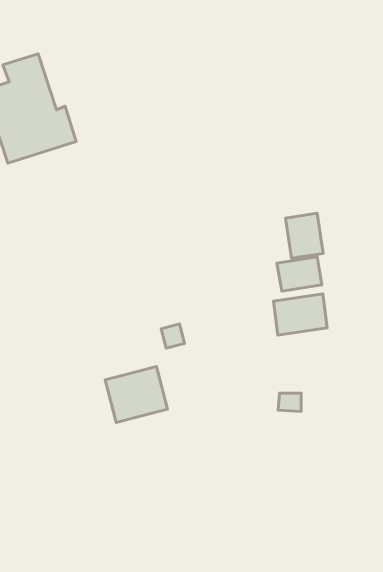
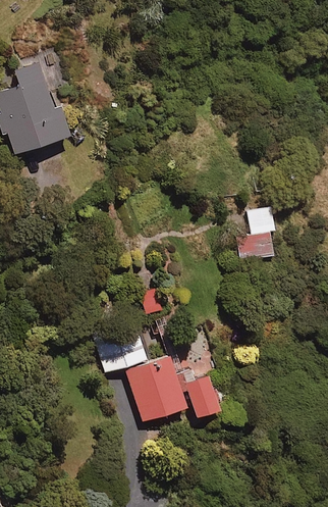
building: [273,294,327,335] -> none
building: none -> [126,355,221,422]

